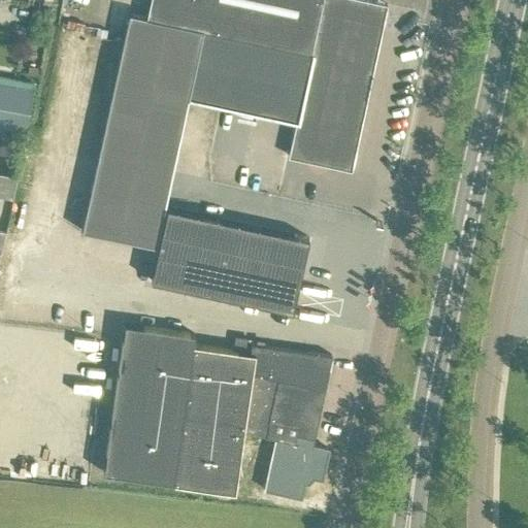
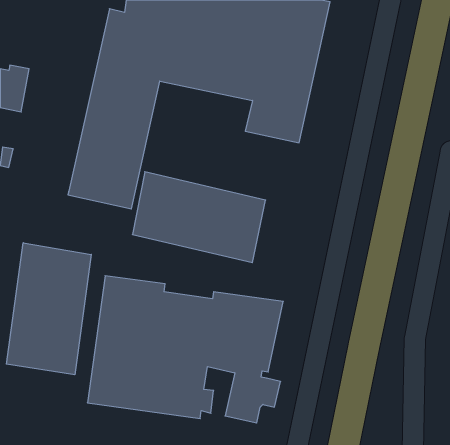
building: none -> [6,243,91,375]

